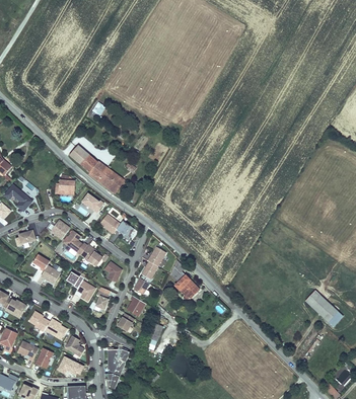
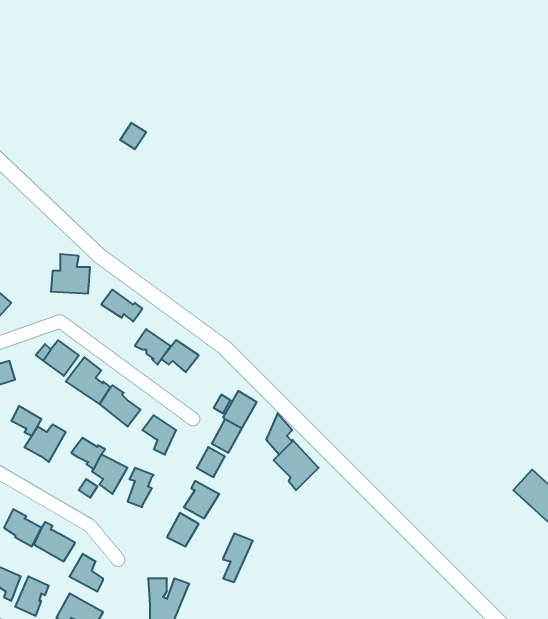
building: [68,145,132,198] -> none

